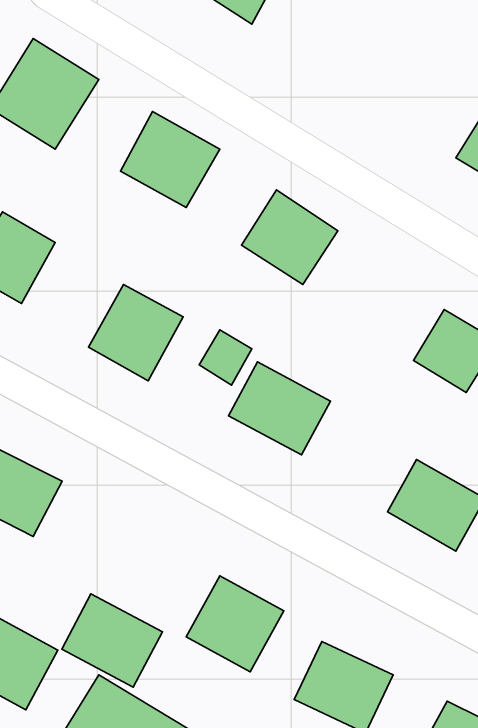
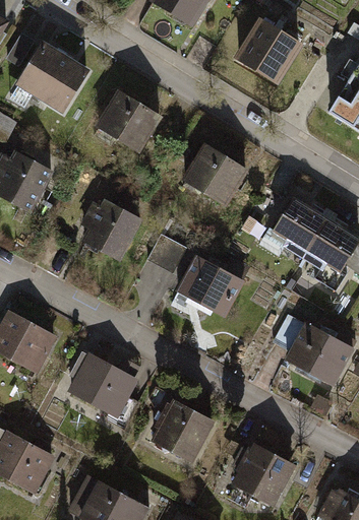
building: none -> [232,22,300,88]
building: none -> [270,196,324,252]
building: [62,594,162,687] -> [68,353,138,418]

